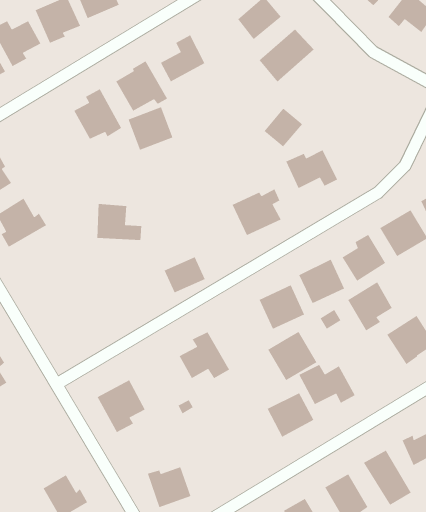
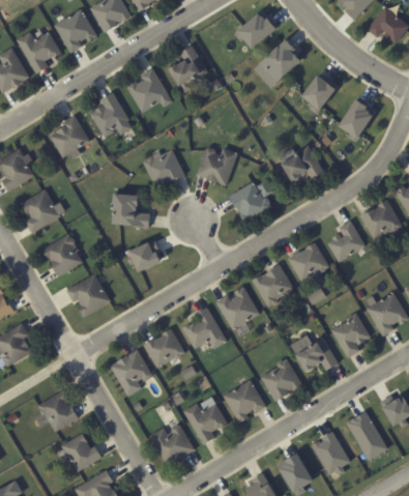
building: none -> [337,98,372,139]
building: [128,106,173,151] -> [143,147,183,186]
building: [263,108,303,148] -> [298,75,333,110]
building: none -> [50,117,88,159]
building: none -> [196,146,237,184]
building: none -> [42,233,84,275]
building: [163,256,206,294] -> [126,238,164,271]
building: [347,281,393,332] -> [330,313,371,357]
building: none -> [66,272,111,316]
building: [267,331,317,381] -> [215,285,260,329]
building: none -> [144,327,185,368]
building: none -> [224,379,266,420]
building: none -> [36,390,77,430]
building: none -> [183,402,228,444]

